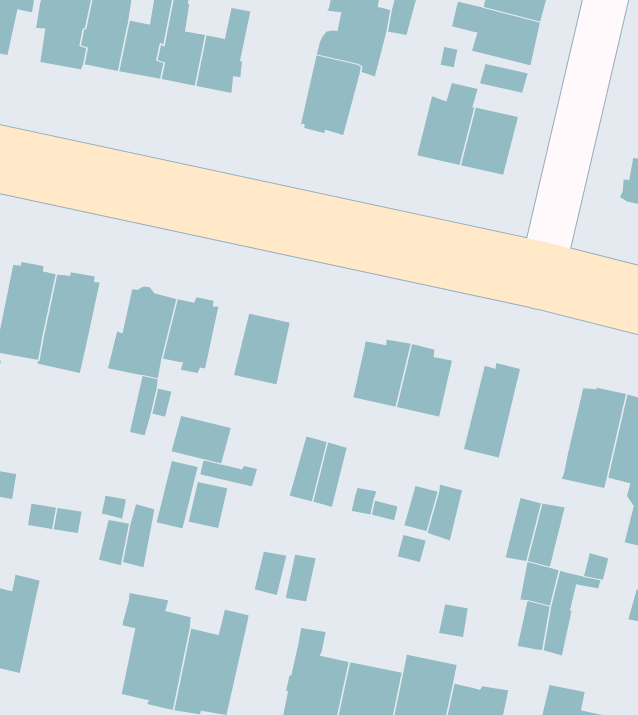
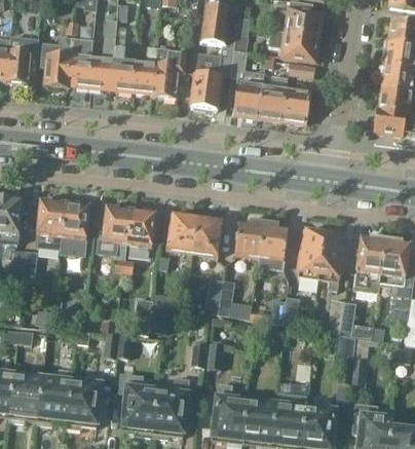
building: none -> [151,44,185,98]
building: none -> [233,80,262,117]
building: none -> [192,216,224,254]
building: none -> [318,229,345,293]
building: [171,415,232,464] -> none
building: none -> [66,374,101,428]

